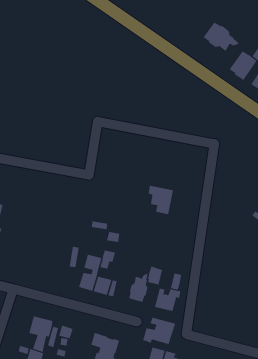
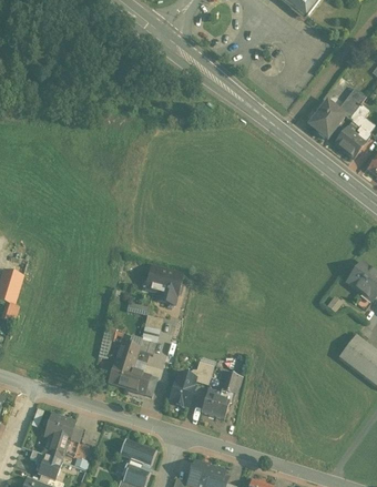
building: [203,22,240,52] -> none
building: [148,185,174,215] -> [149,265,181,303]
building: [143,317,176,345] -> none

